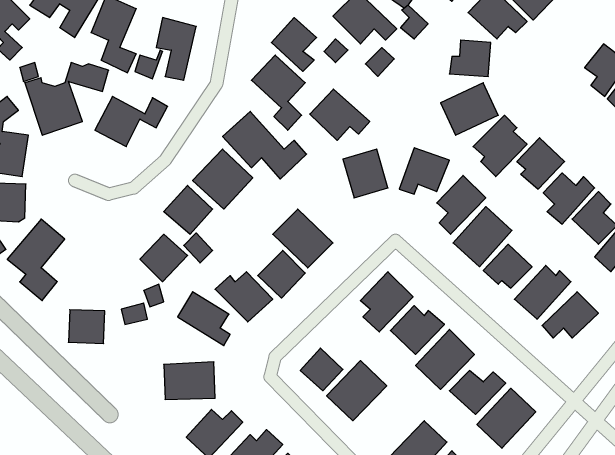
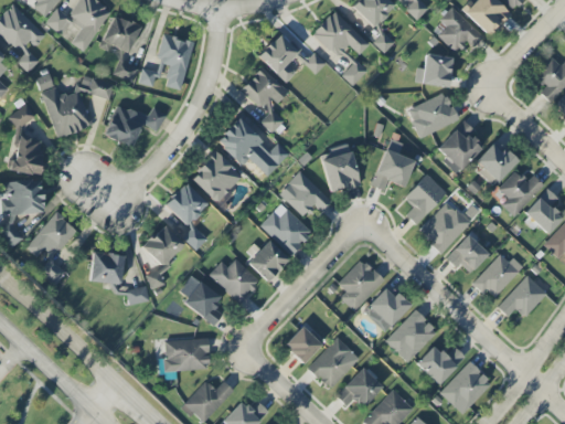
building: [310,89,370,140] -> [279,171,332,216]
building: [68,310,105,344] -> [92,253,124,283]
building: none -> [337,368,384,407]

